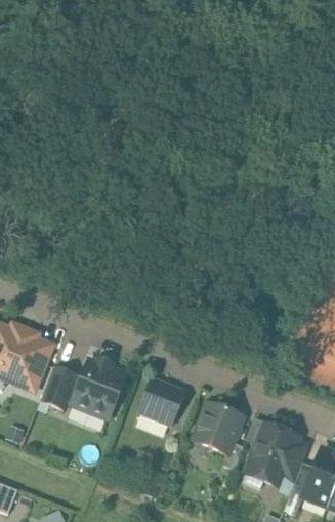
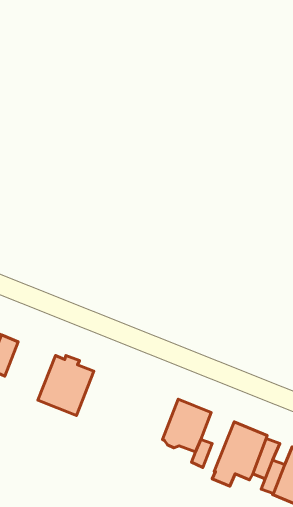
building: [40,367,78,409] -> none
building: [137,379,184,426] -> none

